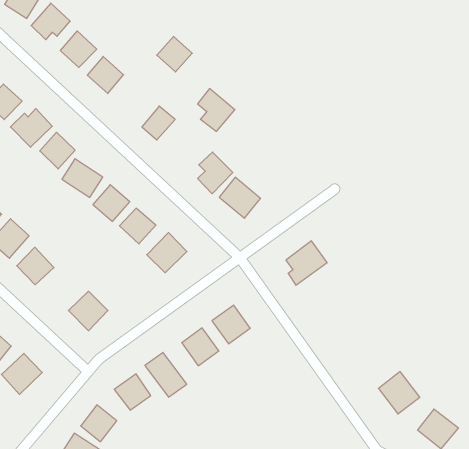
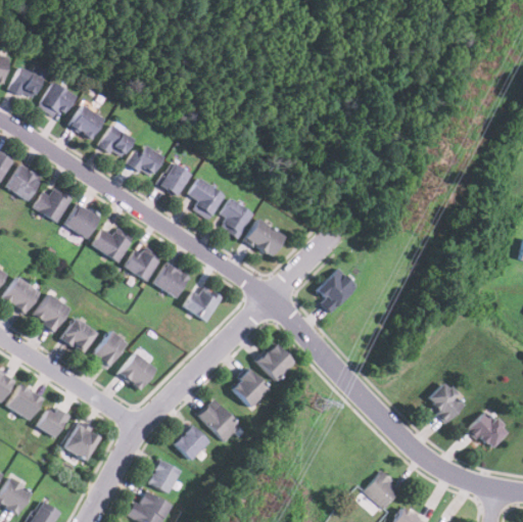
building: [157,36,192,72] -> [128,144,161,178]
building: [198,89,235,131] -> [188,179,225,219]
building: none -> [92,331,126,367]

